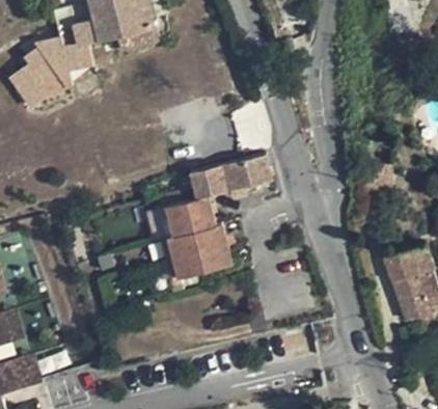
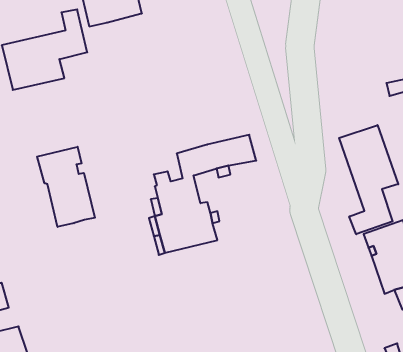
building: none -> [339,125,398,234]
building: none -> [37,147,95,227]

